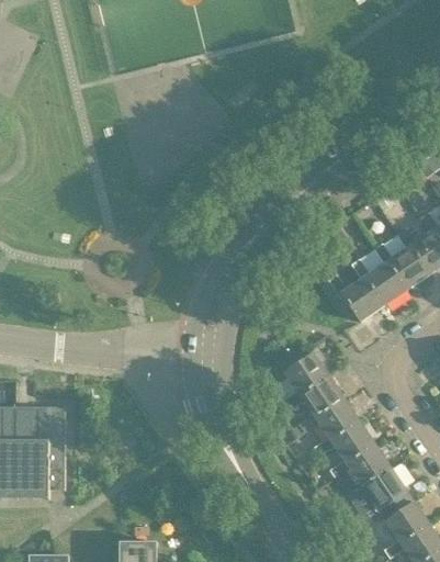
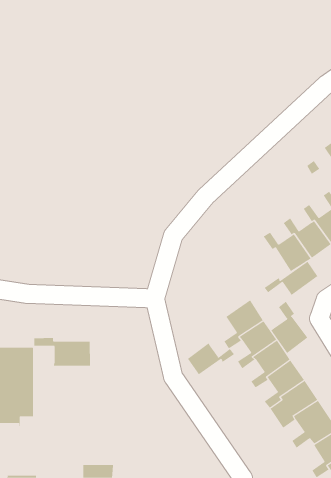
building: none -> [264,261,318,296]
building: none -> [270,301,308,354]
building: none -> [34,337,91,366]
building: none -> [187,343,235,375]

